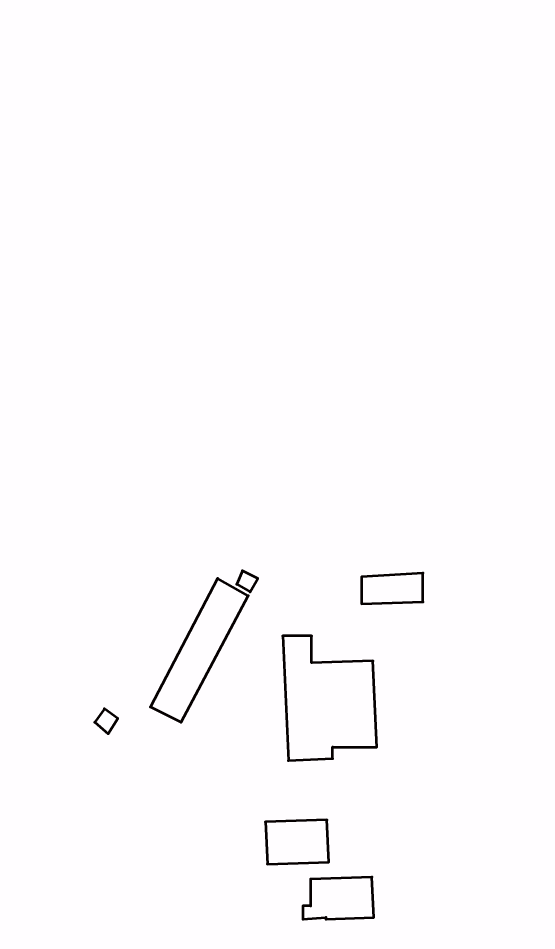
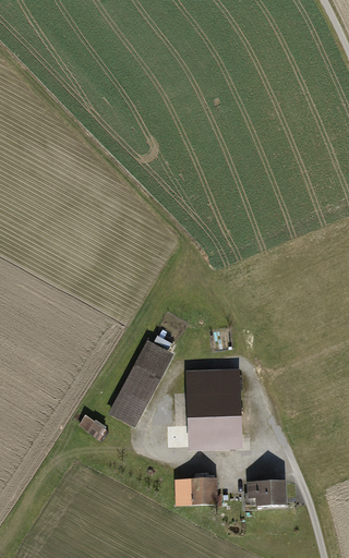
building: [362,573,423,604] -> [203,371,238,388]
building: [303,877,374,919] -> [244,480,285,504]

